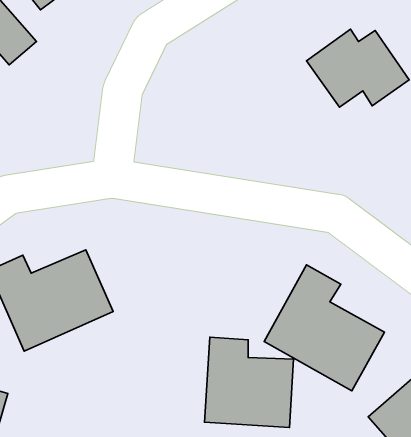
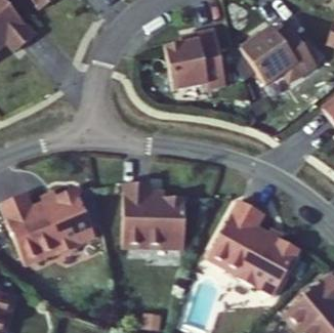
building: none -> [164,27,227,87]
building: [204,337,293,428] -> [121,180,187,248]

